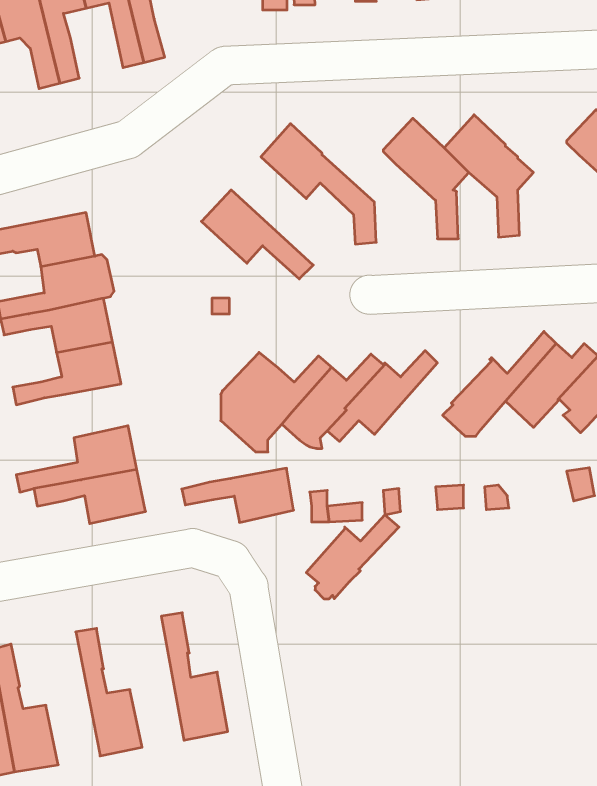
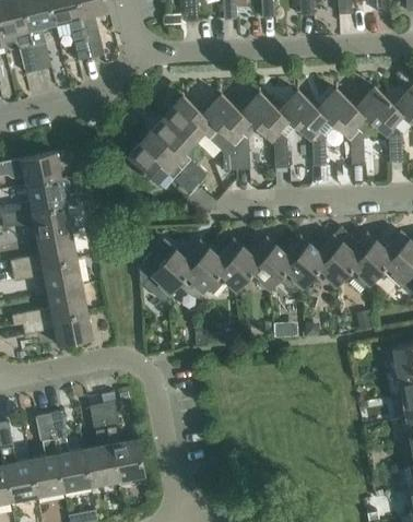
building: none -> [318,88,365,164]
building: none -> [203,94,250,169]
building: none -> [146,116,206,183]
building: [182,468,294,522] -> [12,258,82,292]
building: [306,515,399,599] -> [251,236,309,288]
building: none -> [83,403,117,485]
building: none -> [31,413,64,496]

